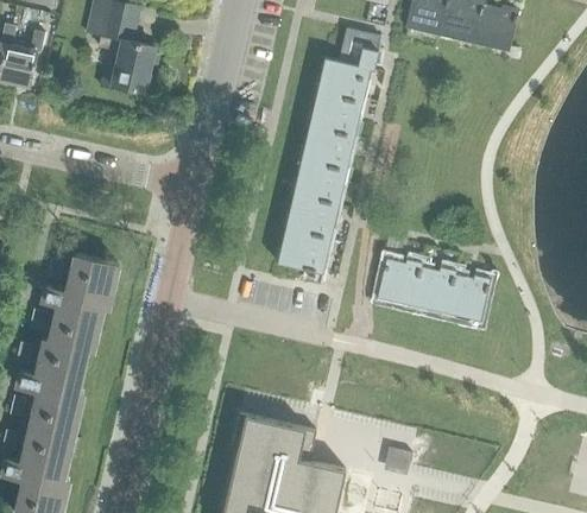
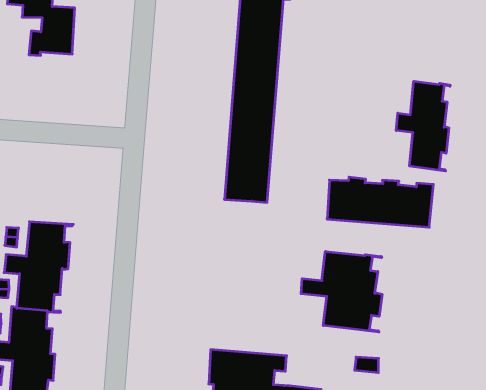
building: none -> [396,81,450,171]
building: none -> [301,251,382,332]

